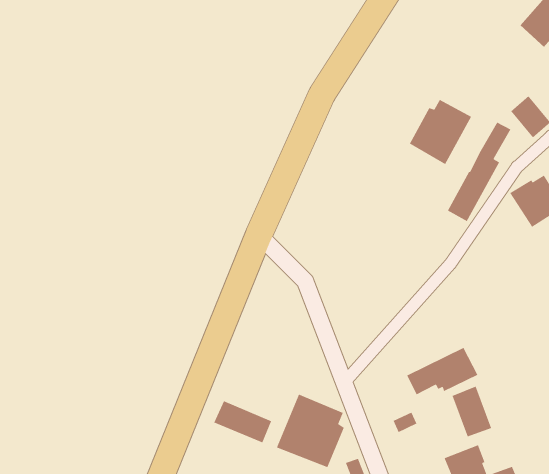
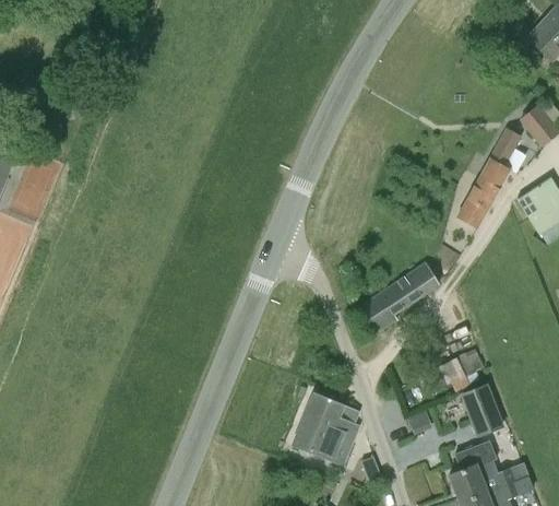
building: [409,99,472,165] -> none
building: none -> [359,264,439,333]
building: [213,400,272,444] -> none

